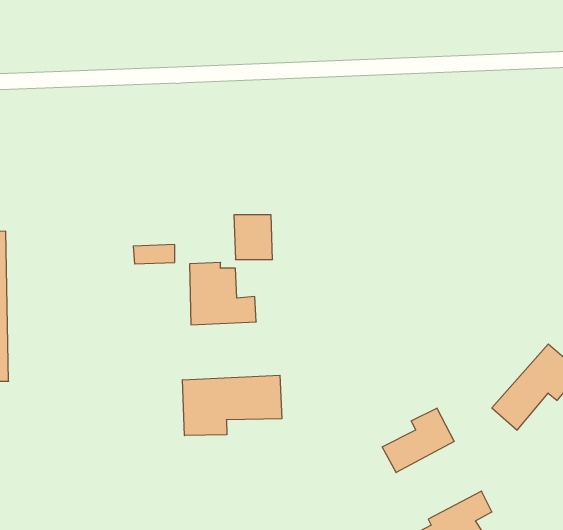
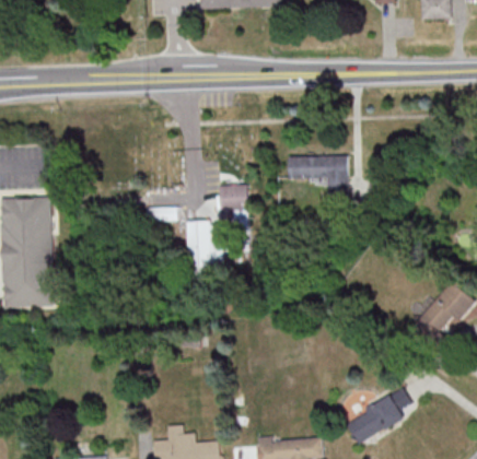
building: none -> [288,155,348,200]
building: [183,375,282,436] -> none
building: [382,408,454,473] -> none

